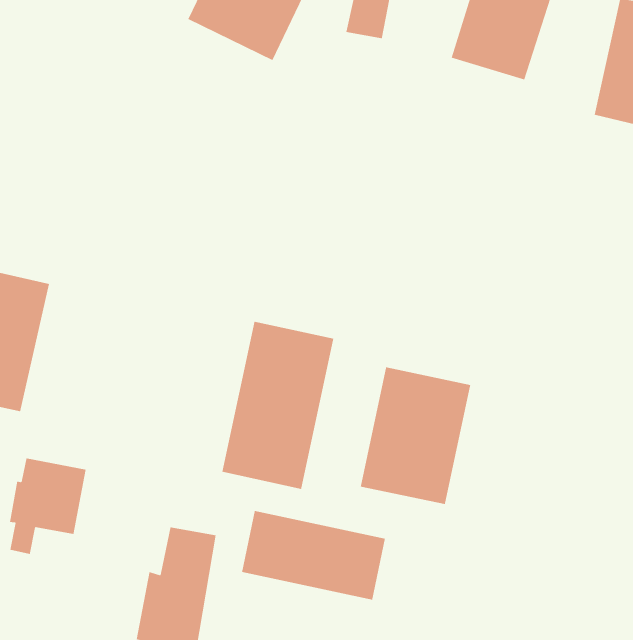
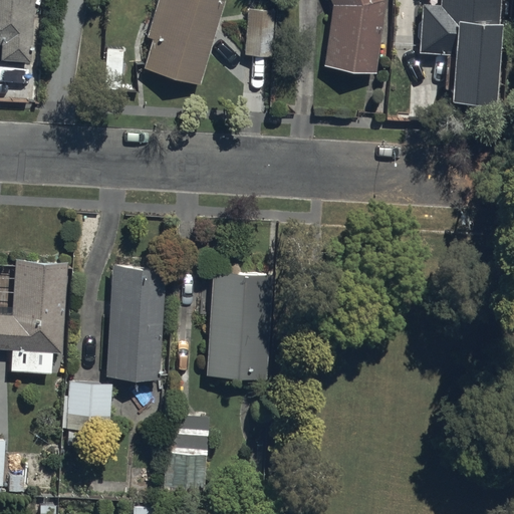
building: none -> [106,265,163,379]
building: [360,367,471,505] -> none
building: [241,510,385,601] -> none

